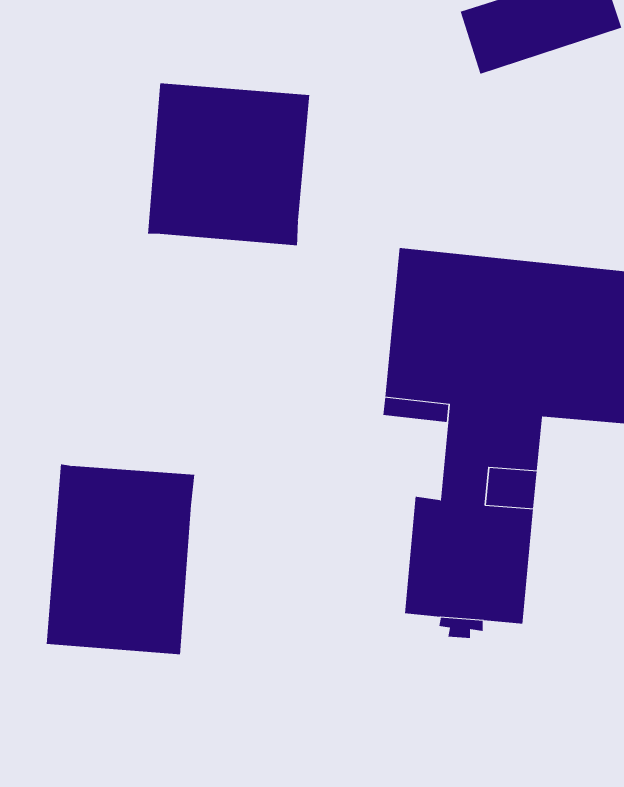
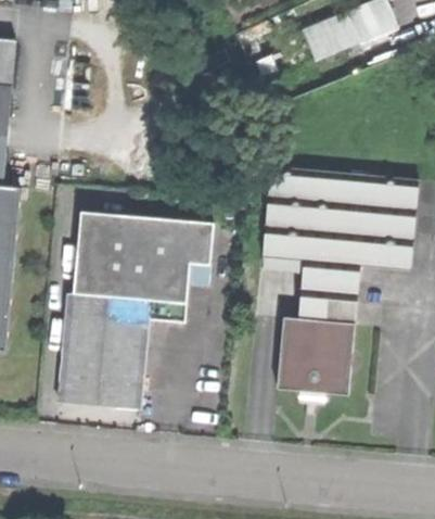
building: [148,83,310,246] -> none
building: none -> [75,213,214,321]

